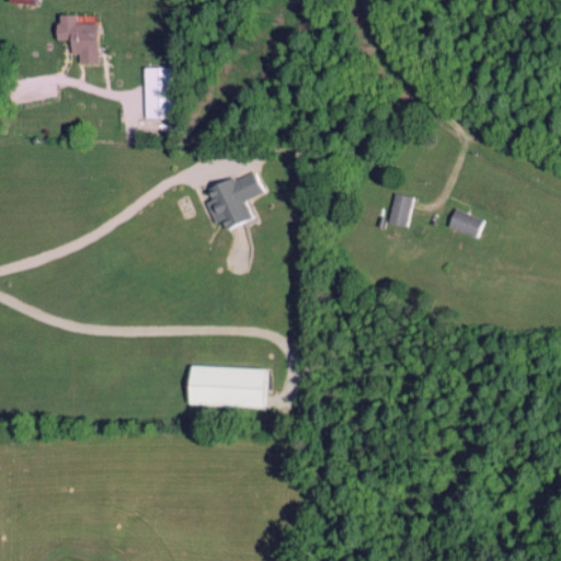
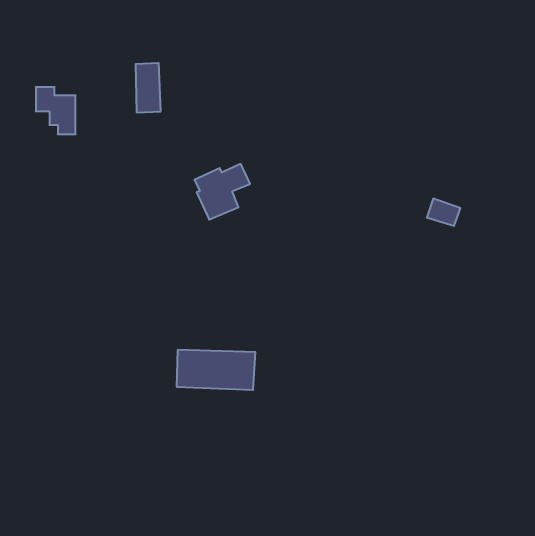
building: [56,14,98,64] -> [36,87,76,134]
building: [389,193,412,226] -> none

